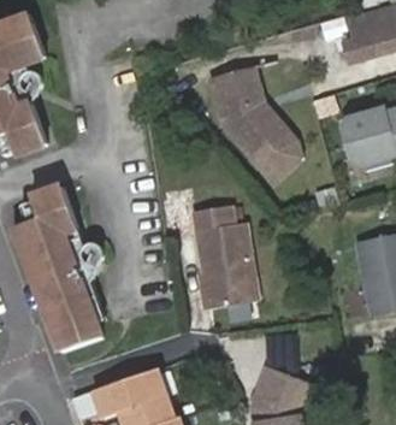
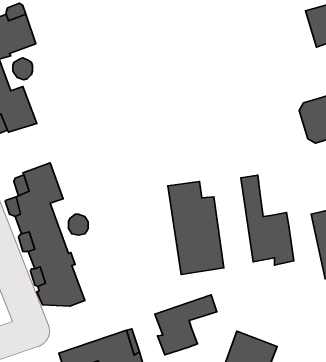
building: [206,64,299,181] -> none
building: none -> [241,175,294,265]
building: none -> [155,295,217,355]

